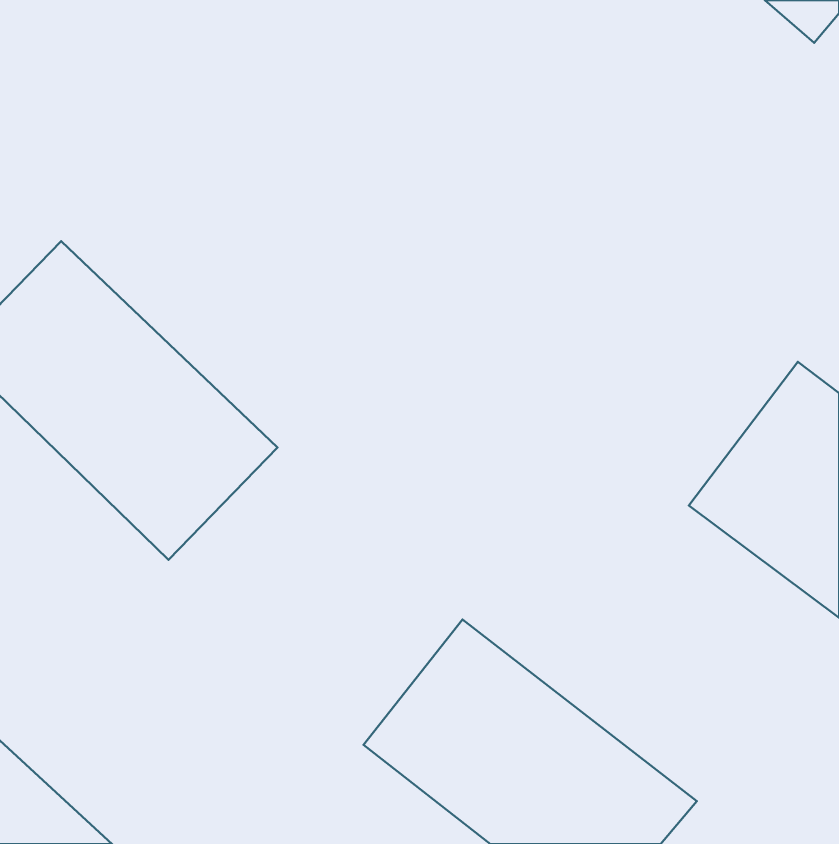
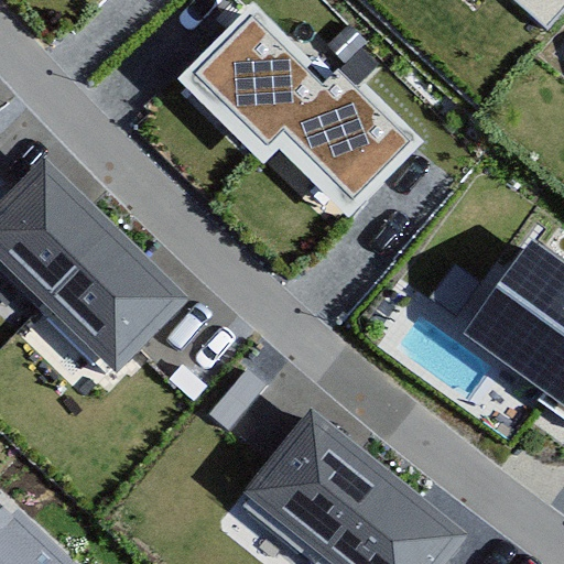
building: none -> [188,13,416,206]

